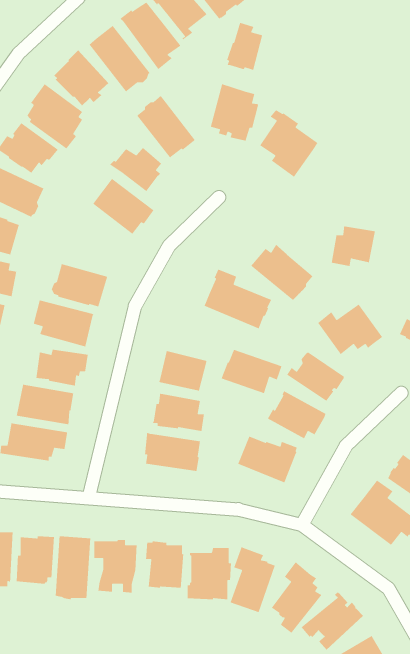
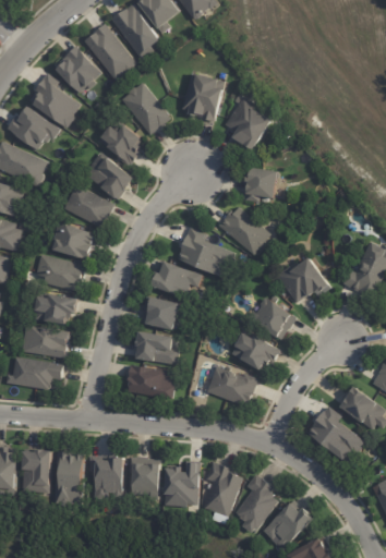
building: [226,22,263,71] -> none
building: none -> [63,183,116,228]
building: [331,226,376,267] -> [243,167,281,202]
building: [221,349,283,394] -> [150,259,203,298]

